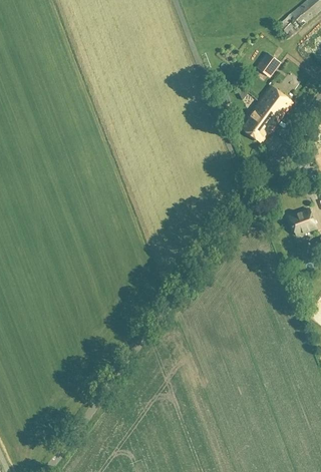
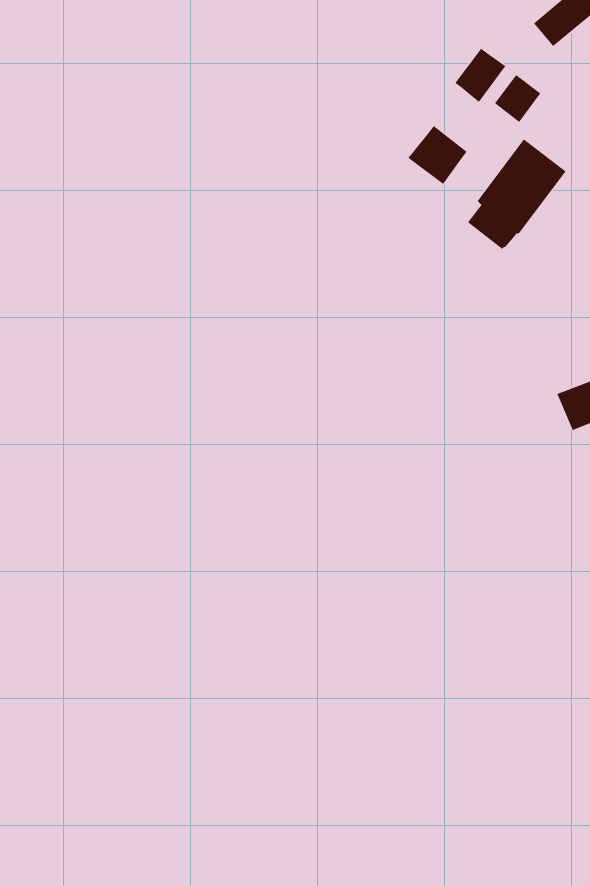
building: none -> [455,48,506,103]
building: none -> [407,125,468,185]

